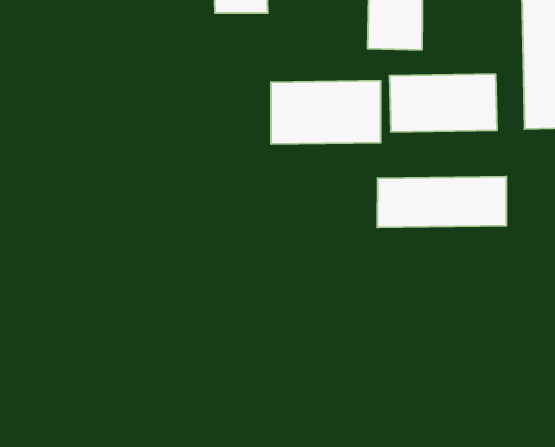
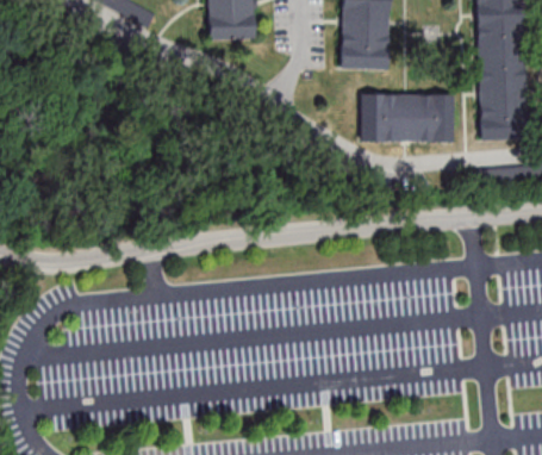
building: [271,81,381,144] -> none
building: [378,176,506,228] -> none

